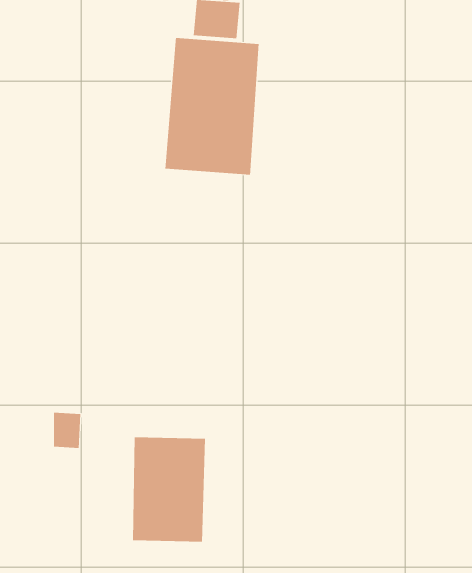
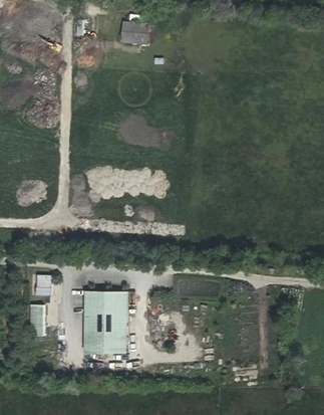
building: [165,37,259,176] -> none
building: none -> [29,304,44,337]

